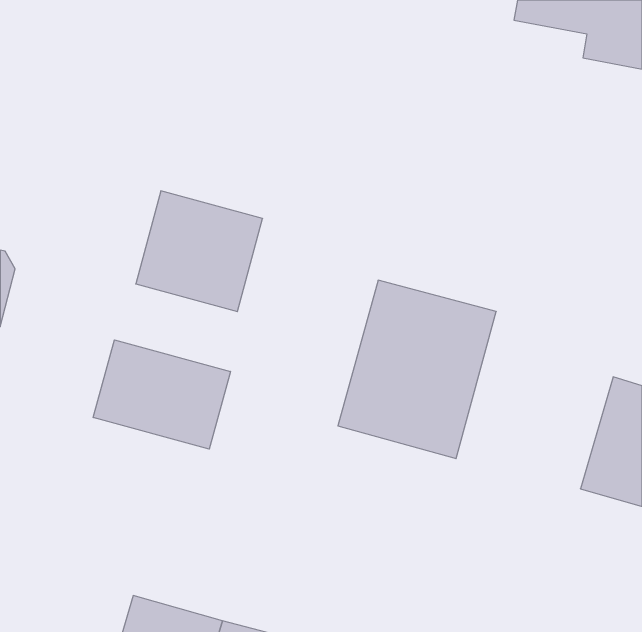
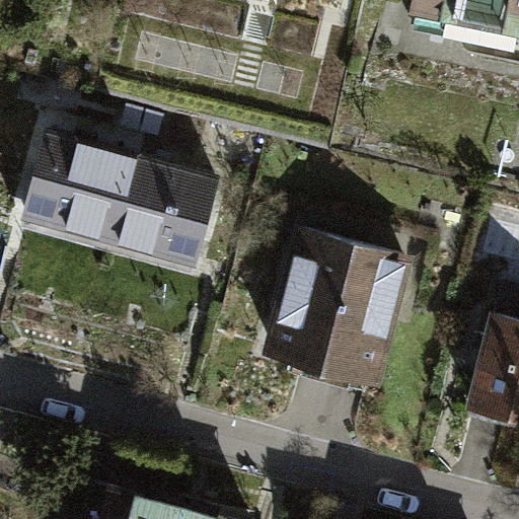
building: none -> [27,140,130,237]
building: [93,340,230,449] -> none

